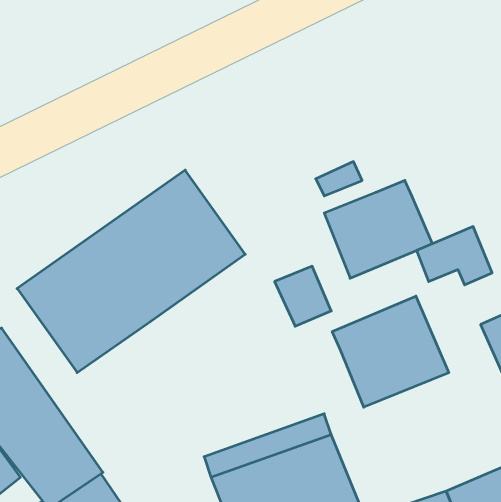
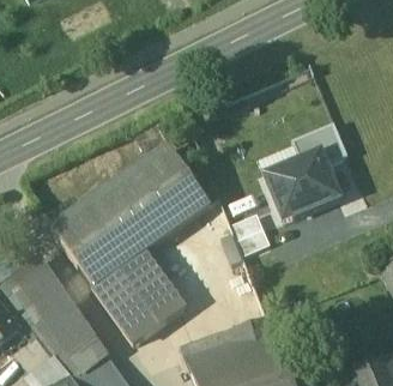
building: [417,227,492,285] -> [292,122,345,163]
building: [332,296,449,407] -> none
building: none -> [92,251,185,344]

